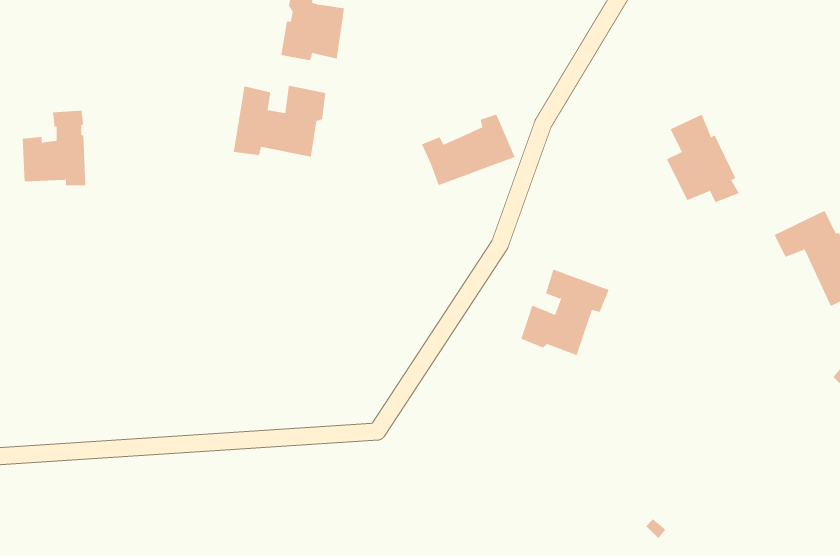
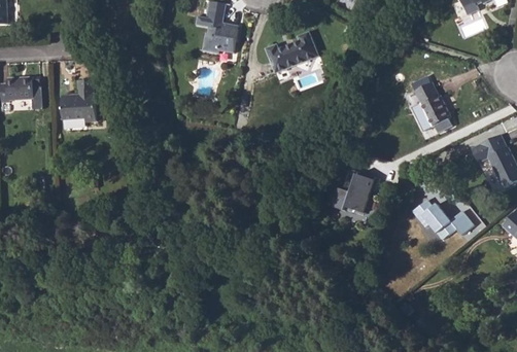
building: [233,85,326,157] -> none
building: [421,114,516,186] -> [267,33,318,72]
building: none -> [410,198,473,239]

